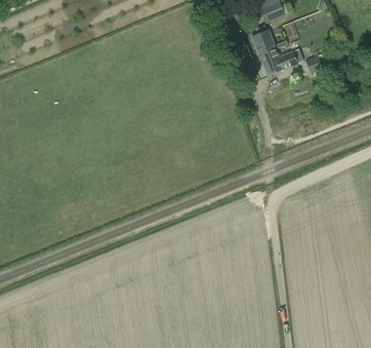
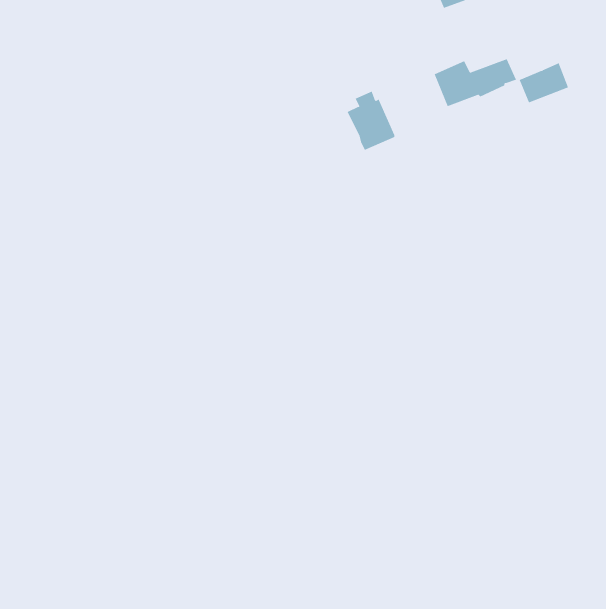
building: [250,26,276,57] -> [347,91,395,151]

